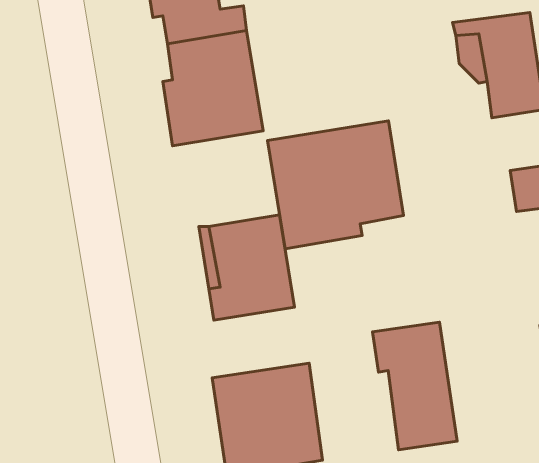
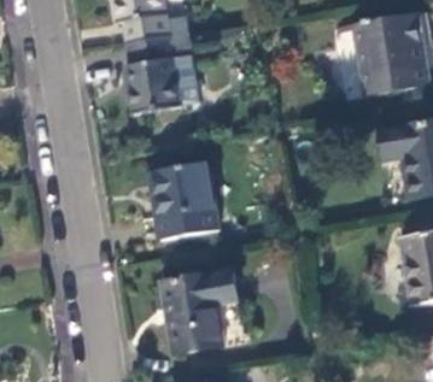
building: [268,121,404,249] -> none
building: [372,322,457,450] -> none

